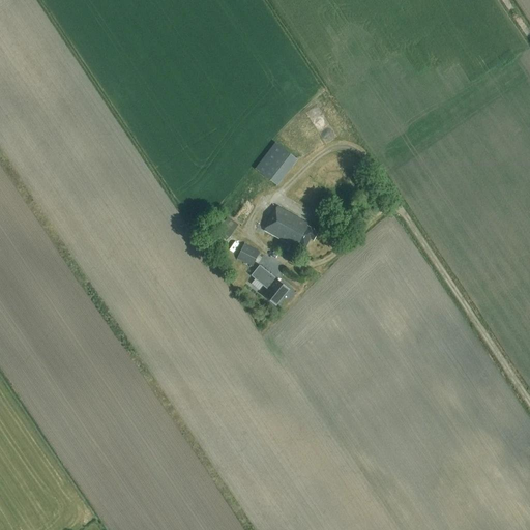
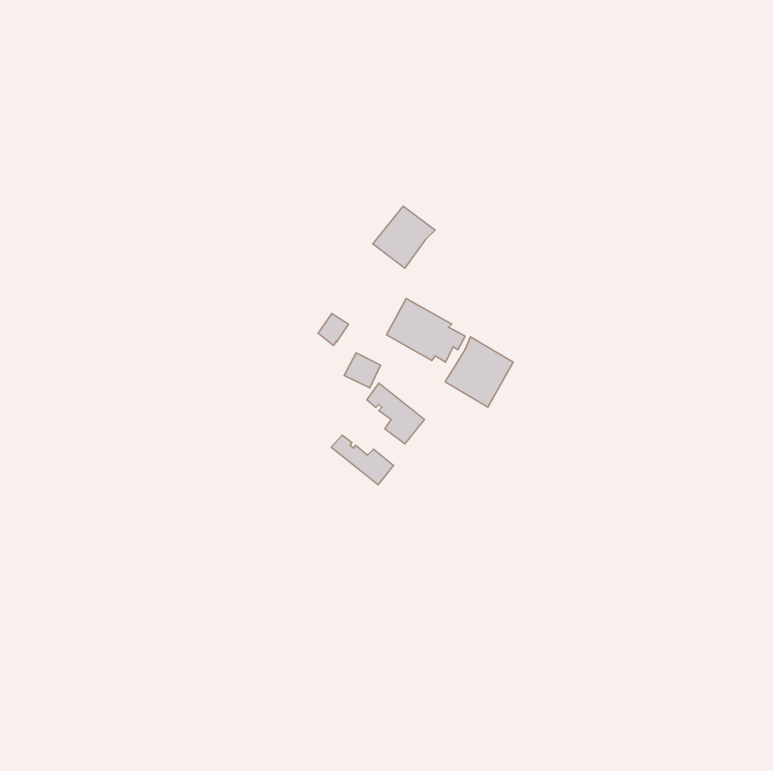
building: none -> [445,337,513,407]
building: none -> [331,435,393,485]

